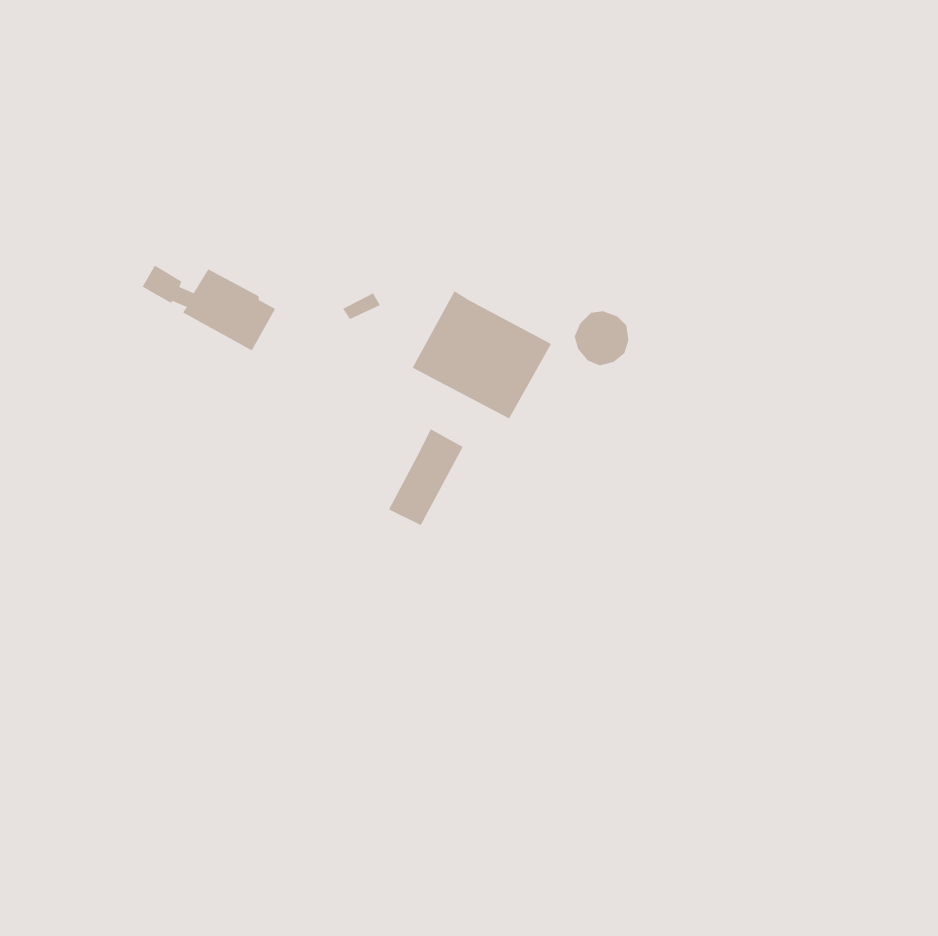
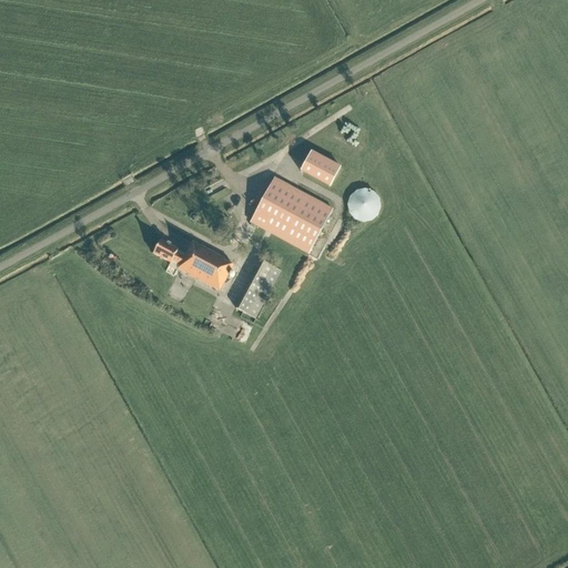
building: none -> [300,150,338,185]
building: [142,265,276,351] -> [152,239,233,291]

